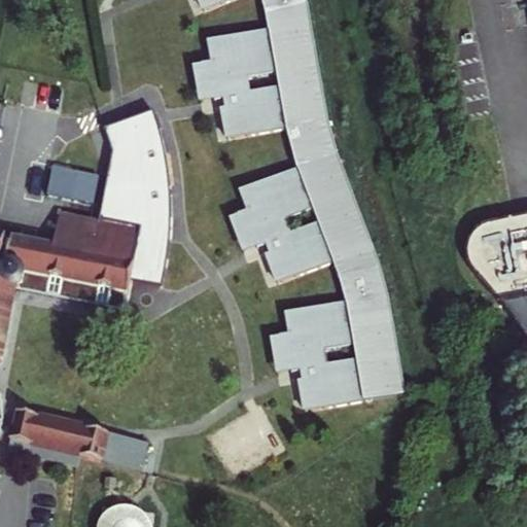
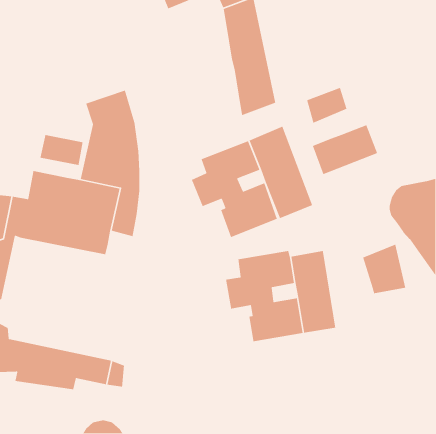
building: [191,27,287,138] -> none
building: [289,124,339,168] -> [306,87,347,124]
building: none -> [312,124,378,175]
building: [335,246,387,307] -> [362,243,406,294]

